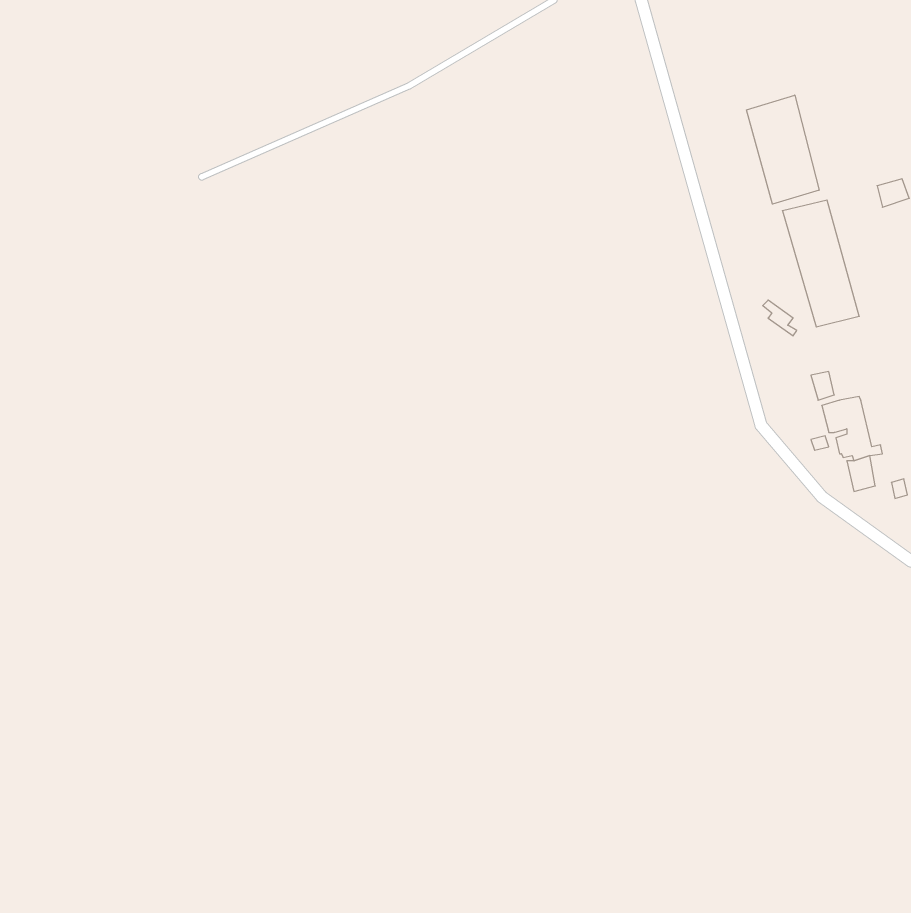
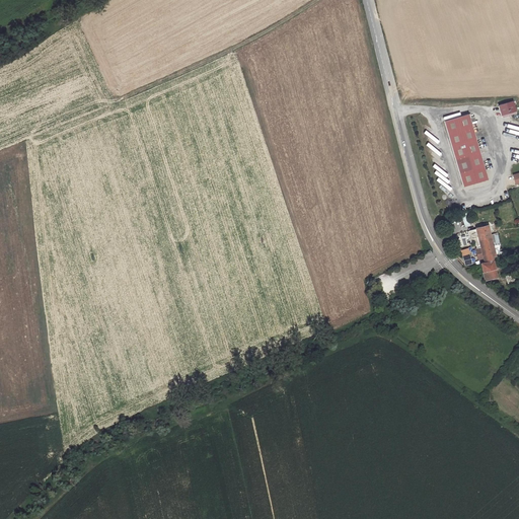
building: [746,95,819,204] -> none

